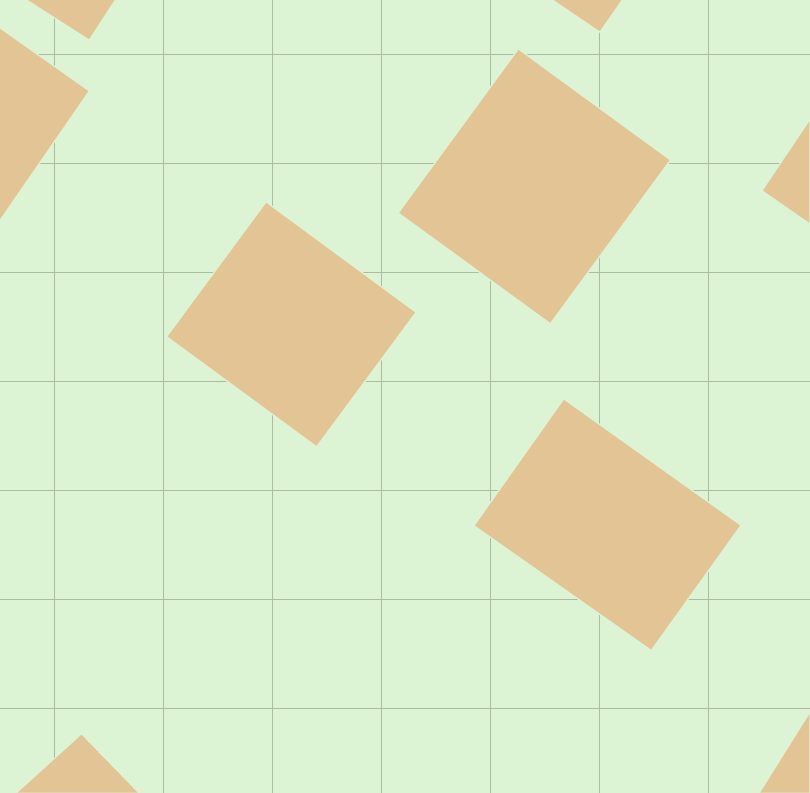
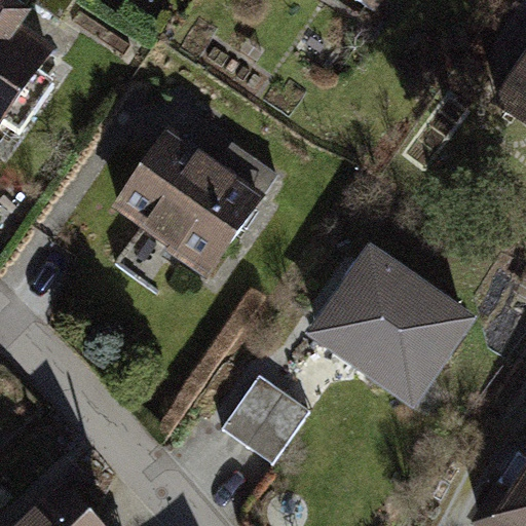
building: [398,49,670,324] -> none
building: none -> [224,385,311,473]

